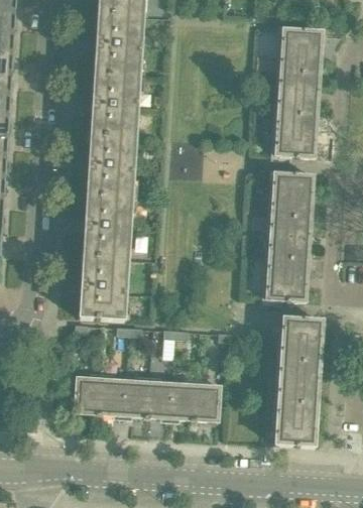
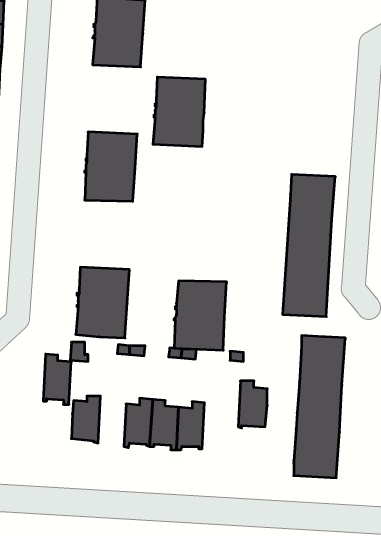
building: [274,28,321,156] -> none
building: [90,74,137,136] -> [153,77,205,146]
building: [83,196,130,258] -> [174,281,227,350]
building: [99,372,124,417] -> [43,354,71,404]
building: [193,378,219,420] -> [238,381,267,428]

